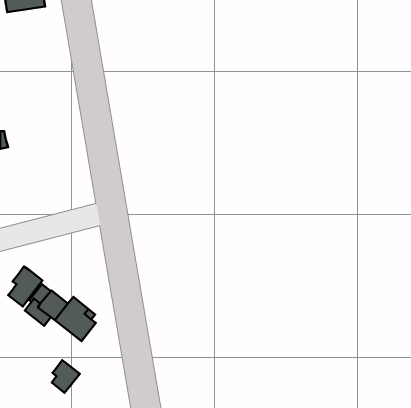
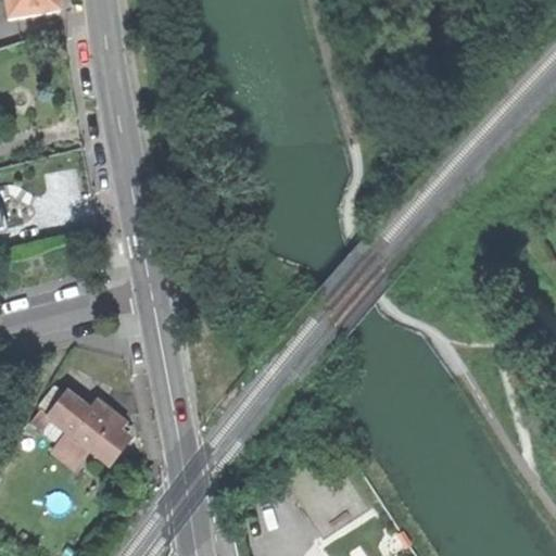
building: [8,266,43,306] -> none
building: [52,360,80,393] -> [55,428,93,472]

